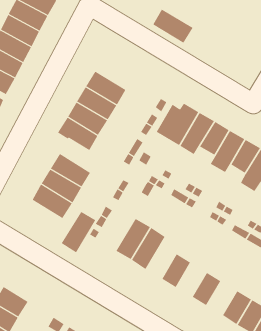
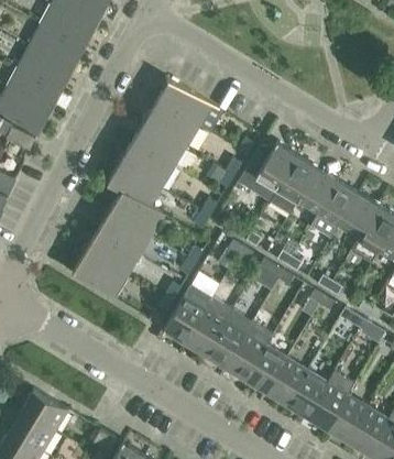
building: [153,9,194,43] -> [157,79,212,125]
building: none -> [110,190,165,237]
building: [61,211,96,253] -> [164,285,211,341]
building: none -> [226,323,273,379]
building: none -> [266,357,307,403]
building: none -> [307,371,353,427]

